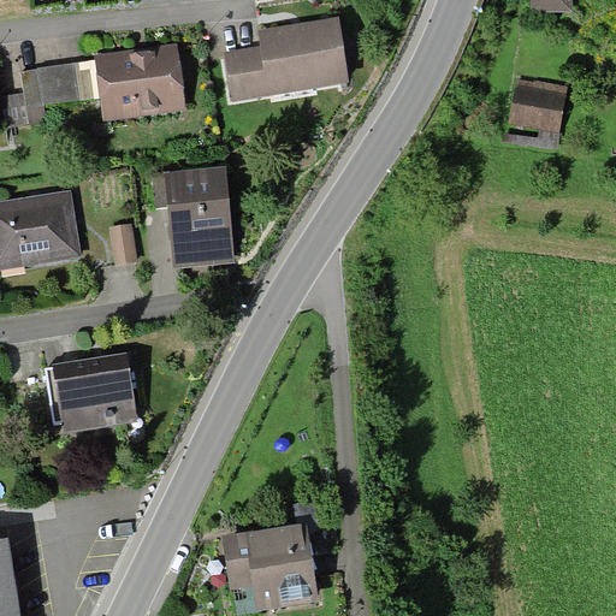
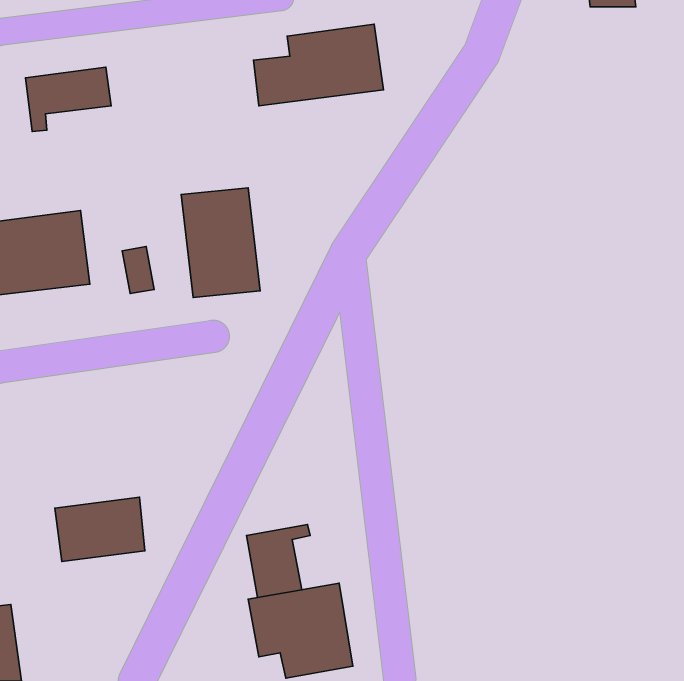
building: [95,46,184,118] -> none
building: [509,79,563,129] -> none
building: [54,372,135,430] -> [55,497,145,562]
building: none -> [247,524,310,597]

